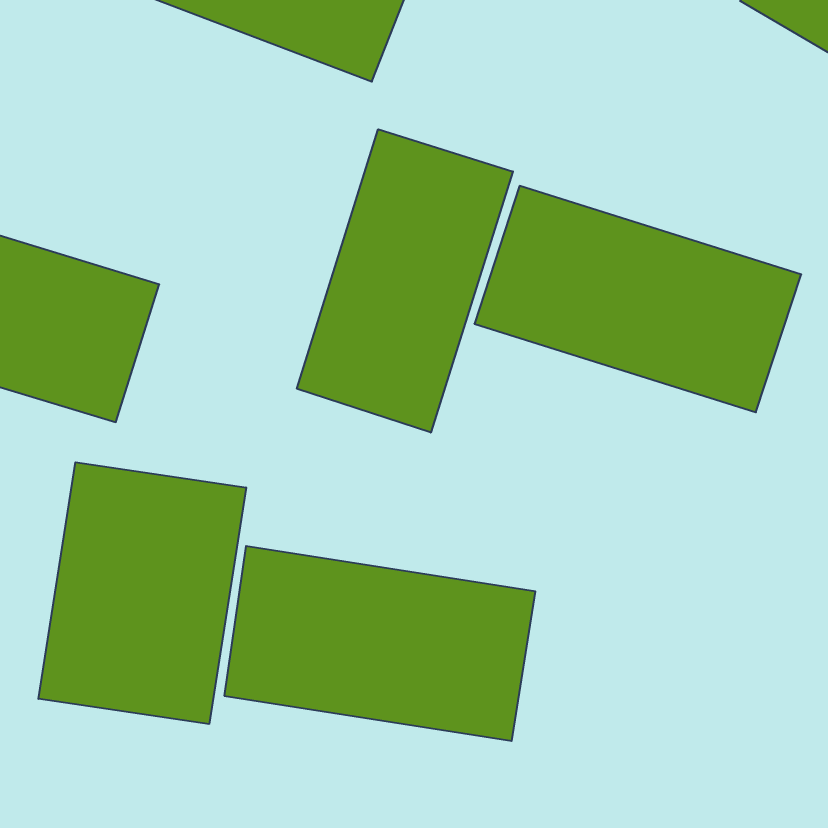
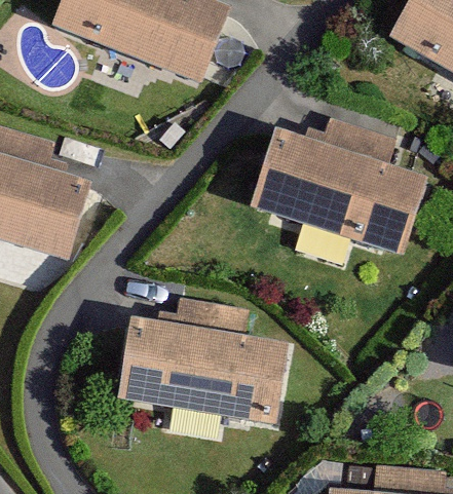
building: [297,129,513,433] -> none
building: [38,462,246,724] -> none

